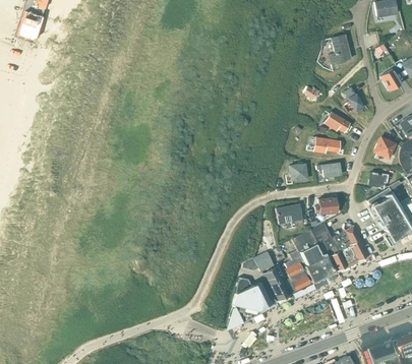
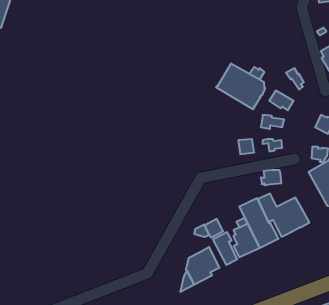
building: [330,35,351,64] -> none
building: none -> [216,63,265,109]
building: [277,204,303,224] -> none

